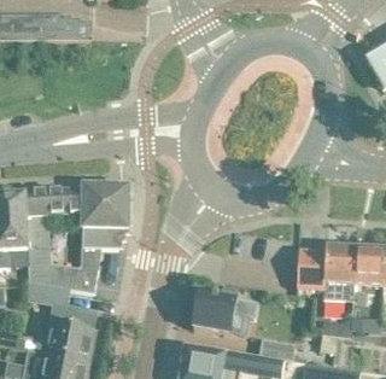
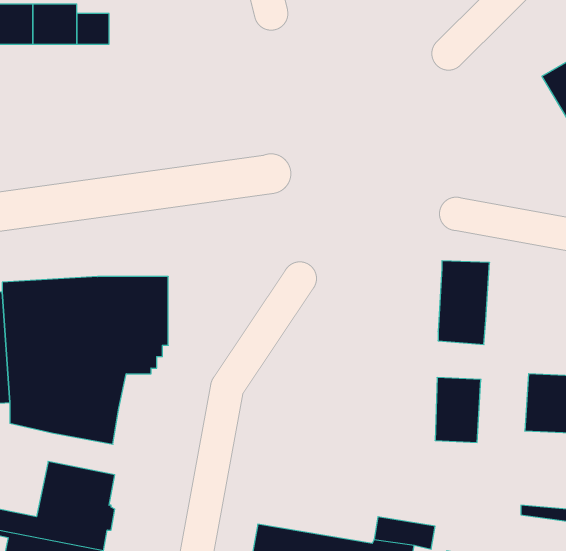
building: [324,245,357,298] -> [438,261,490,345]
building: [193,291,258,336] -> none

